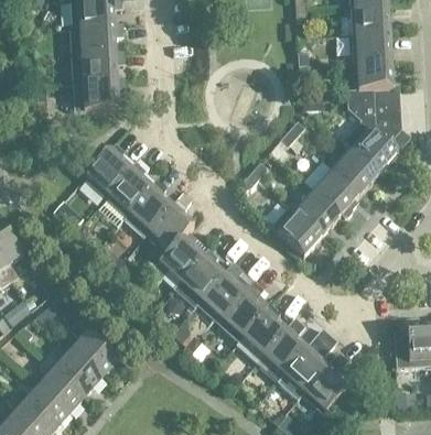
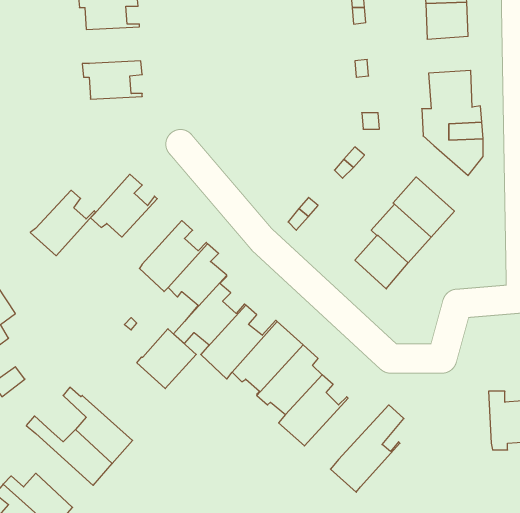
building: [75,24,123,54] -> none
building: [355,32,390,62] -> none
building: [78,80,126,111] -> none
building: [342,120,397,173] -> none
building: [104,163,157,216] -> [30,190,96,256]
building: [269,205,322,257] -> none
building: none -> [137,329,196,389]
building: [256,324,324,381] -> none
building: [37,352,85,412] -> none
building: [301,360,348,411] -> none

